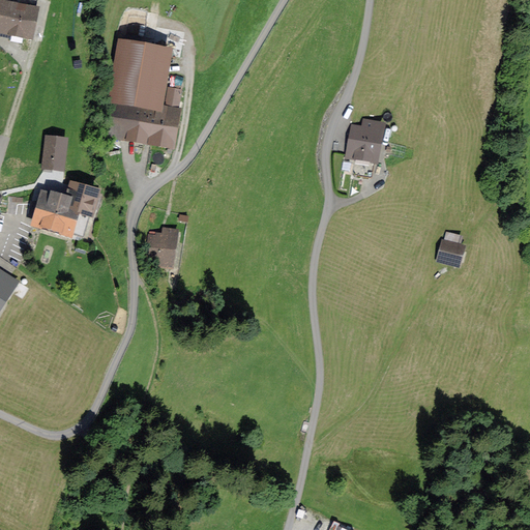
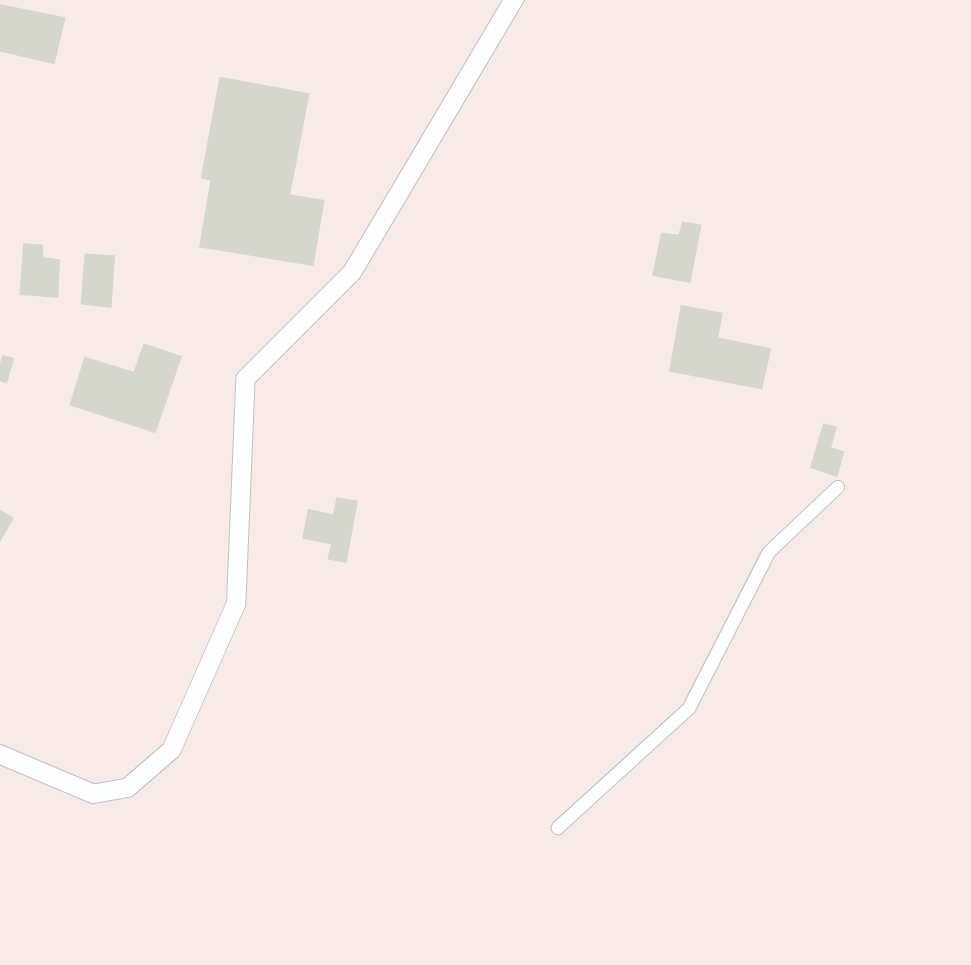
building: none -> [19,242,61,299]
building: none -> [669,304,772,390]
building: [146,228,177,264] -> [302,497,359,563]

